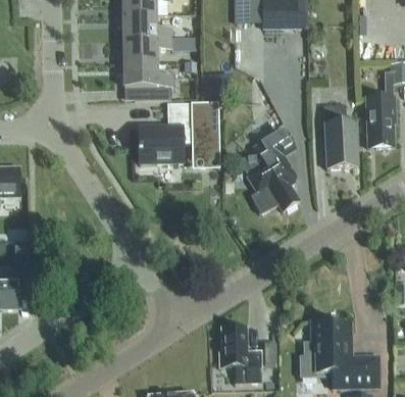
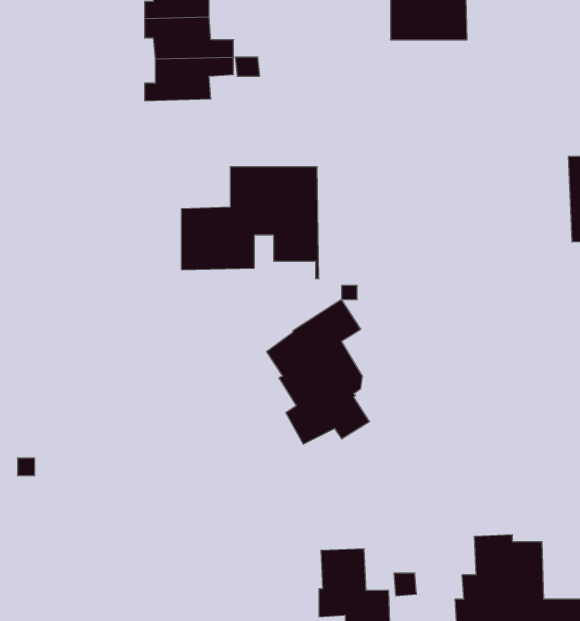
building: [118,63,172,101] -> none
building: [324,105,358,168] -> none
building: [240,130,300,214] -> [267,299,370,444]

